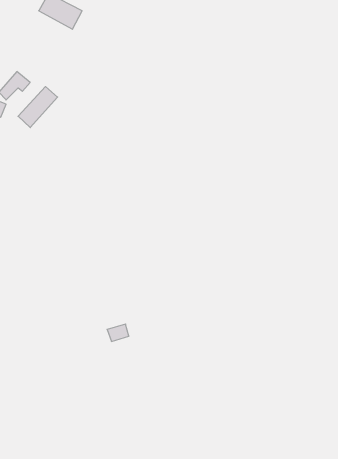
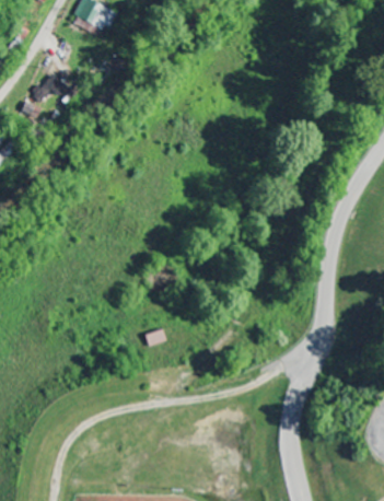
building: [18,87,58,128] -> none

